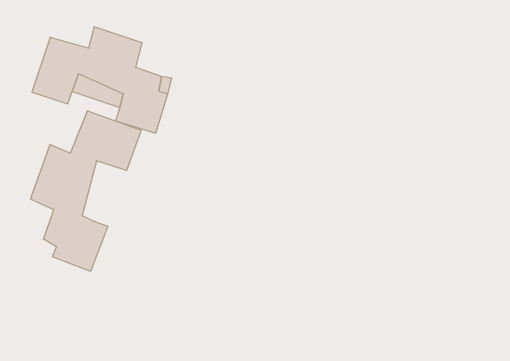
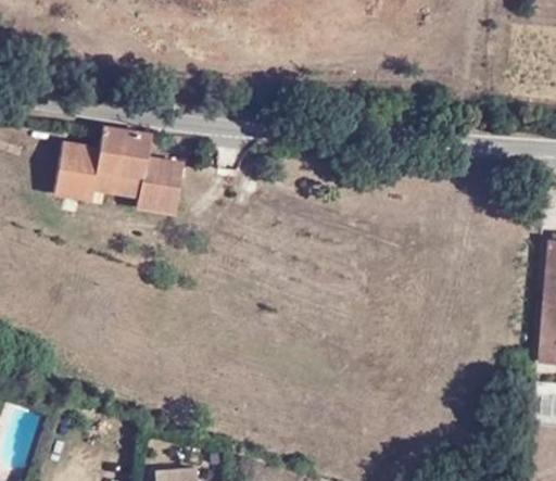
building: [31,111,141,271] -> none

